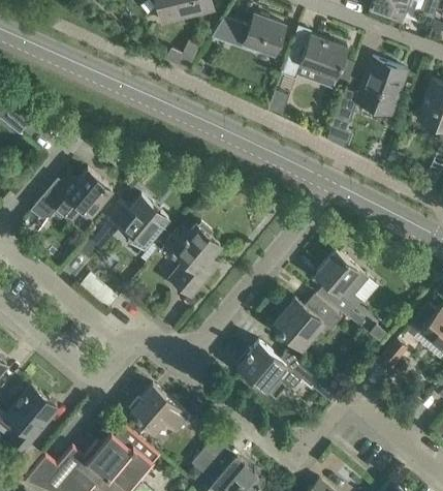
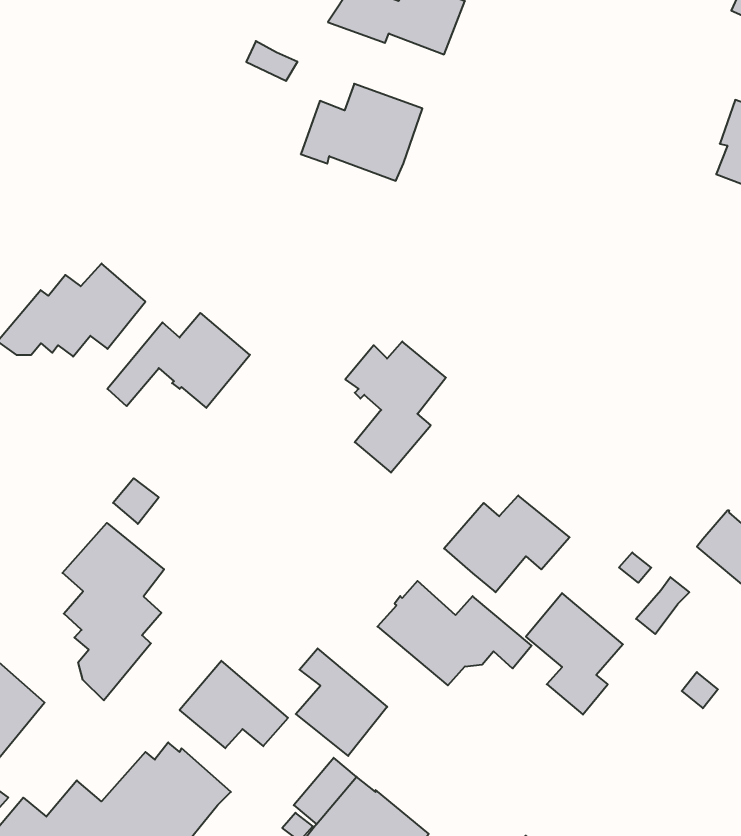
building: [280,36,346,89] -> [301,84,422,181]
building: [334,60,406,125] -> none
building: [164,225,219,297] -> [345,341,446,473]
building: [315,251,368,317] -> [526,593,623,715]
building: none -> [62,523,164,700]
building: none -> [296,648,387,756]

